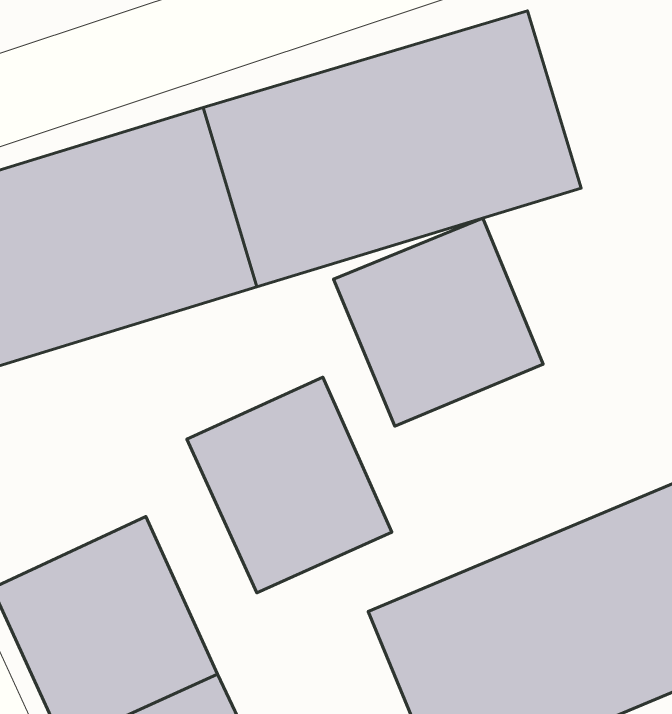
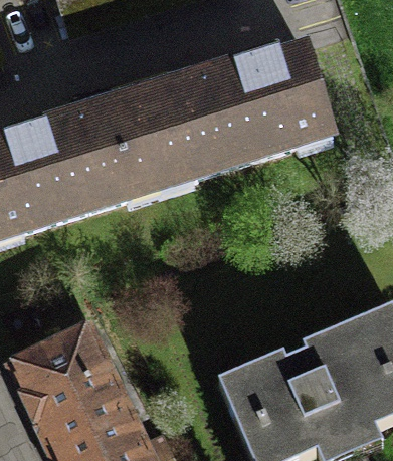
building: [333,218,543,426] -> none
building: [187,377,392,593] -> none

